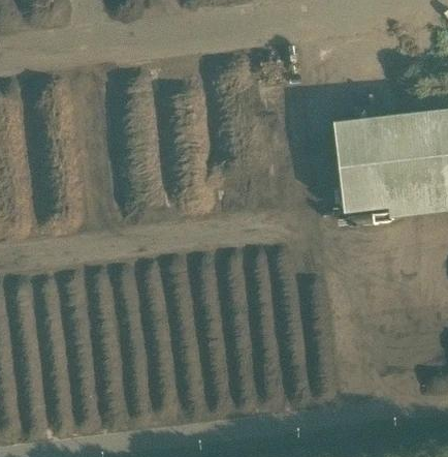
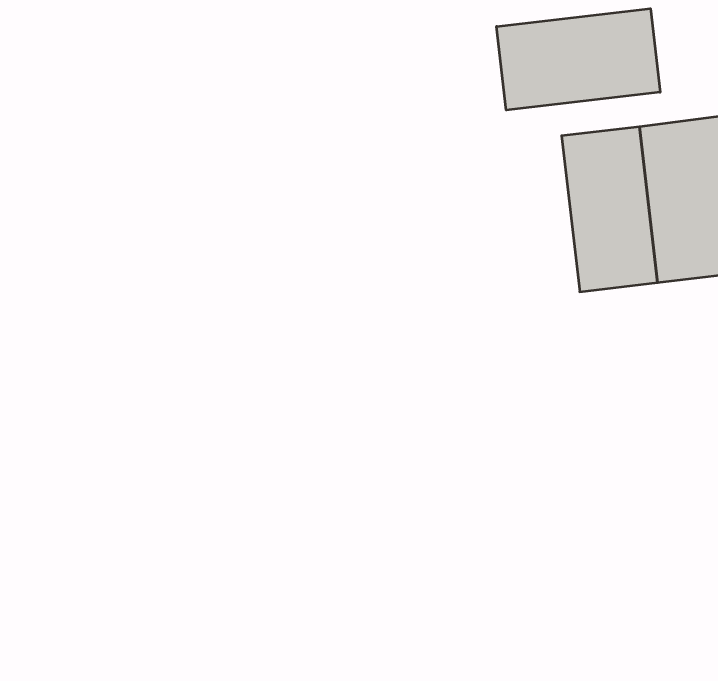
building: none -> [497,9,660,110]

